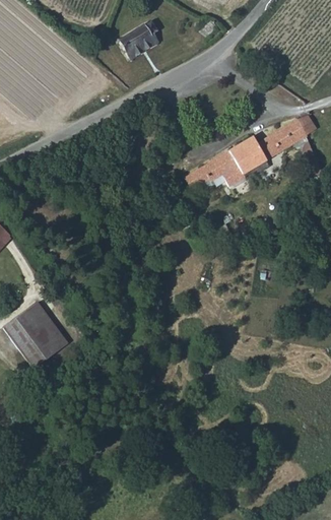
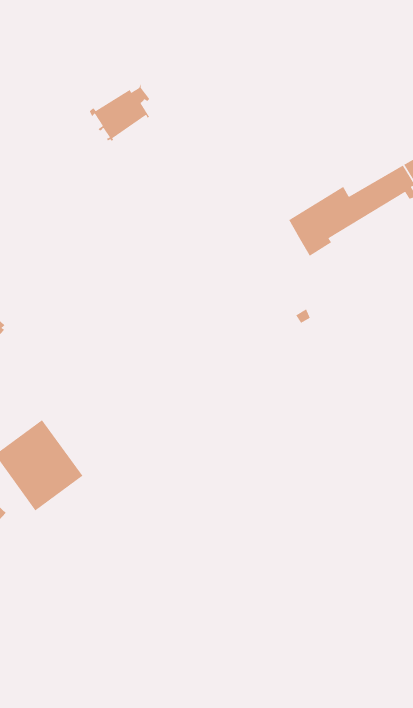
building: [115,18,158,60] -> [89,83,150,142]
building: [184,159,220,188] -> none

